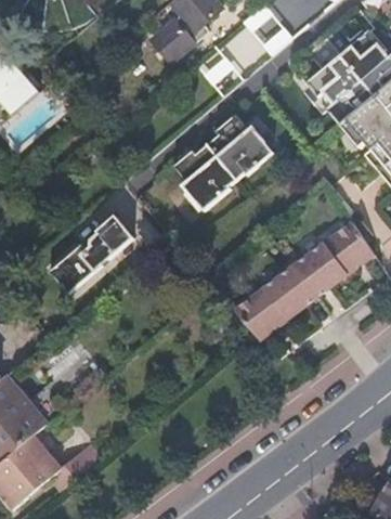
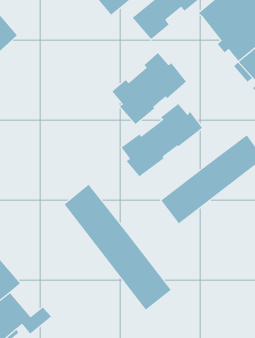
building: none -> [121,103,203,177]
building: [48,215,132,290] -> none
building: none -> [64,184,171,310]

